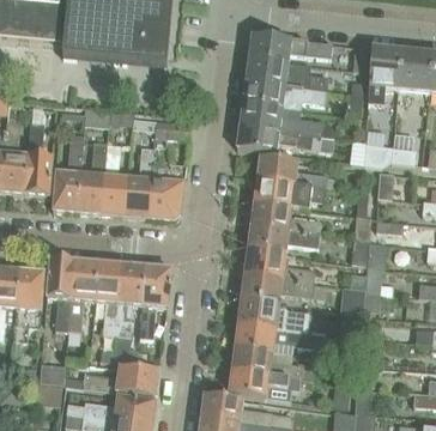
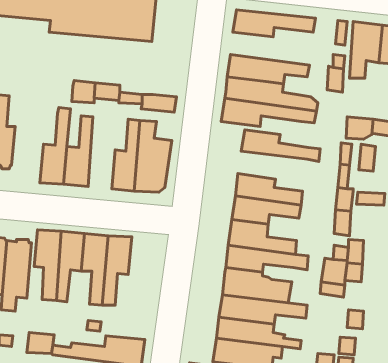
building: [247,56,328,90] -> none
building: [24,122,53,198] -> none
building: [102,142,129,215] -> none
building: [254,177,325,207] -> none
building: [140,265,172,336] -> none

